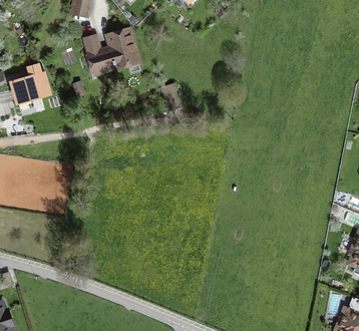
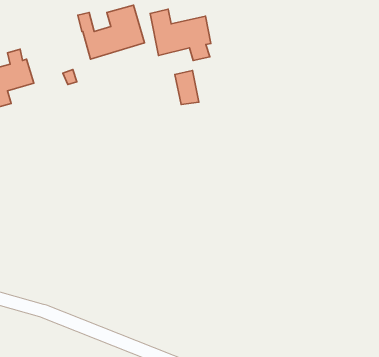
building: none -> [150,9,211,60]

